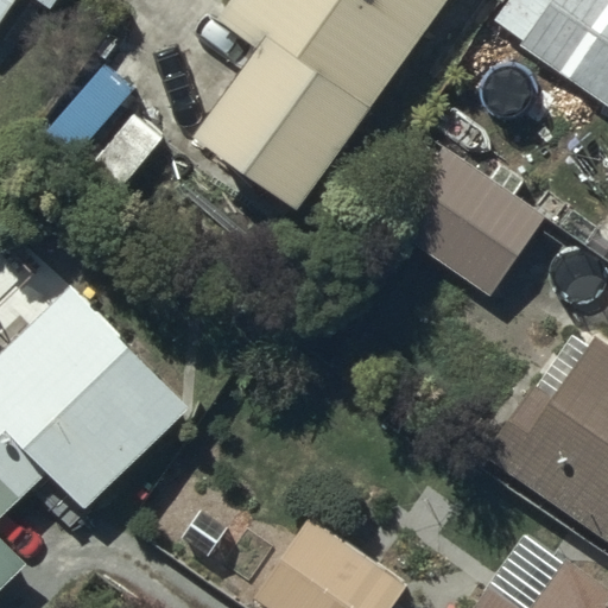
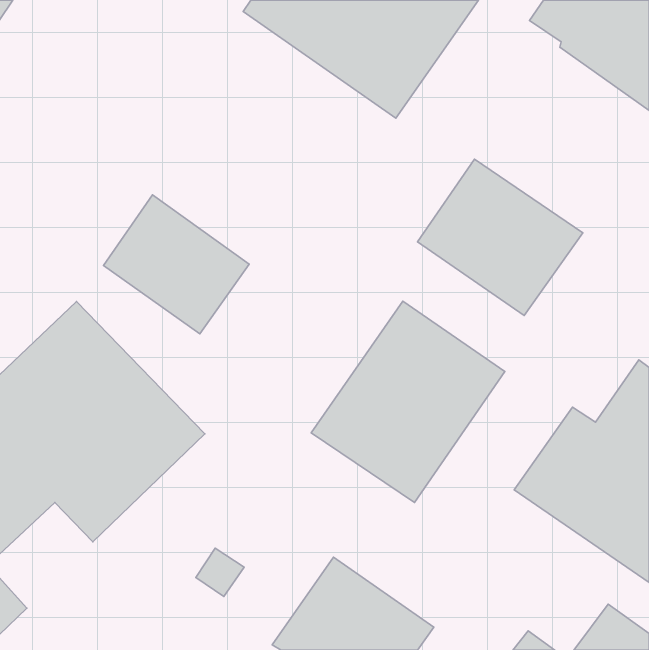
building: [197,46,362,208] -> none
building: none -> [104,195,249,334]
building: none -> [311,301,505,502]

